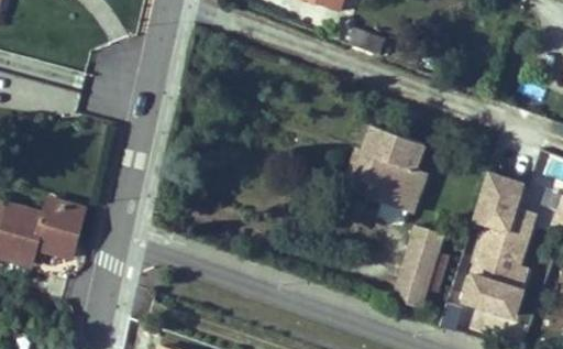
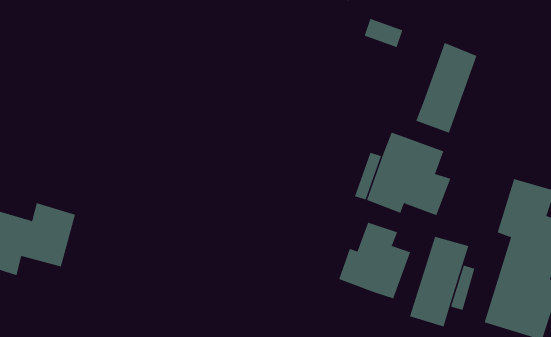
building: none -> [416,42,477,133]
building: none -> [339,222,411,299]

